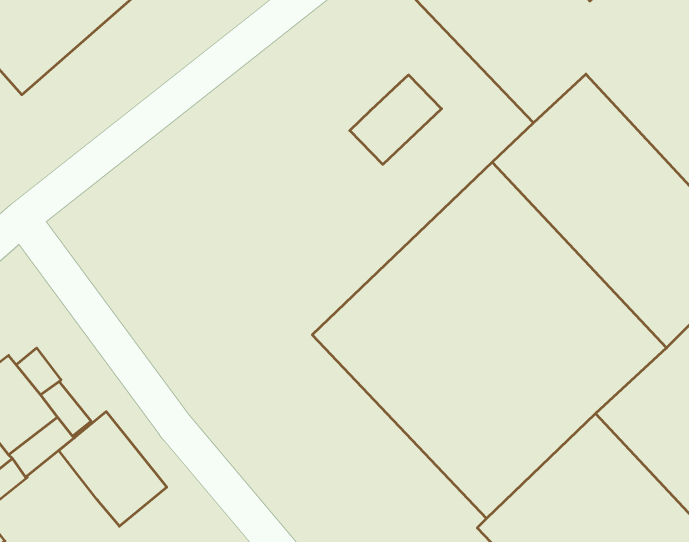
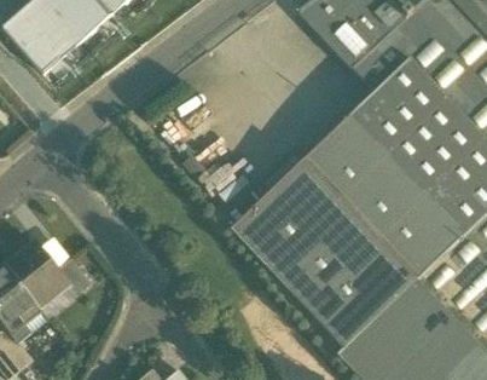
building: [350,75,442,164] -> none
building: [59,412,167,526] -> none

